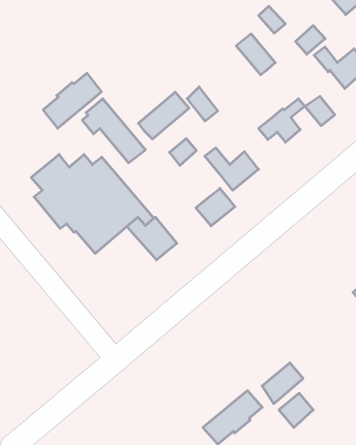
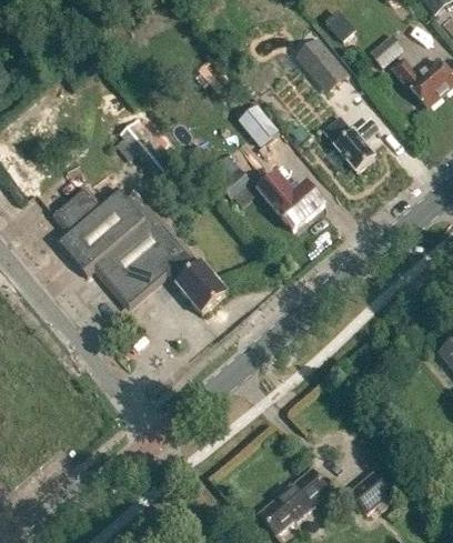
building: [43,73,101,128] -> none
building: [138,92,189,139] -> none
building: [305,96,335,126] -> none
building: [196,188,235,226] -> none
building: [262,363,303,404] -> none

